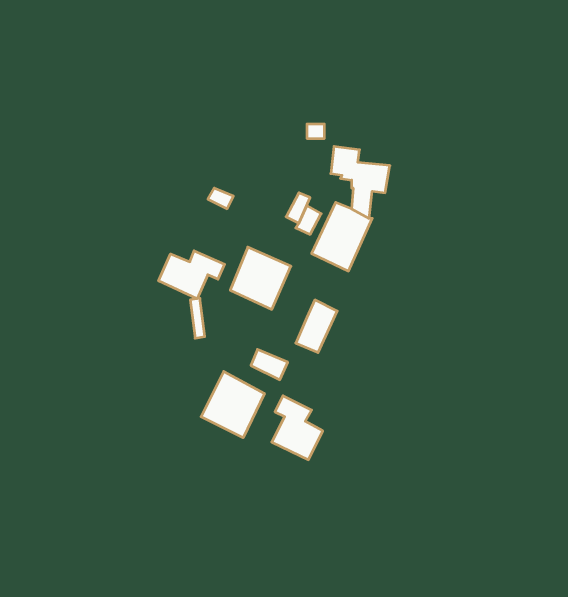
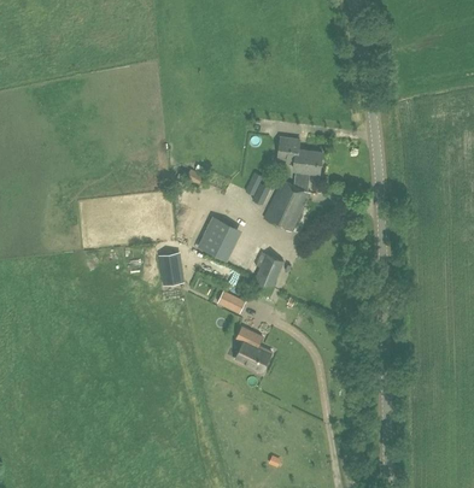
building: [159,251,225,299] -> none
building: [201,371,264,438] -> none

